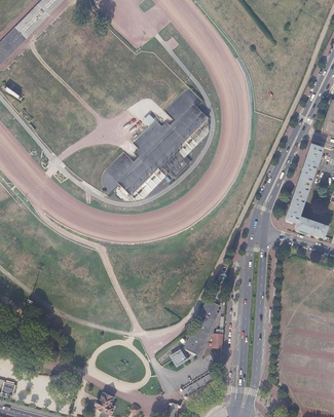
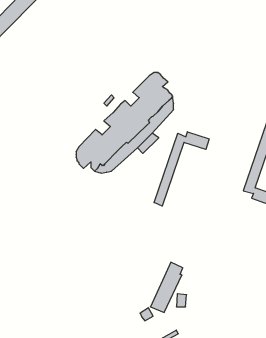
building: none -> [154,132,209,206]

